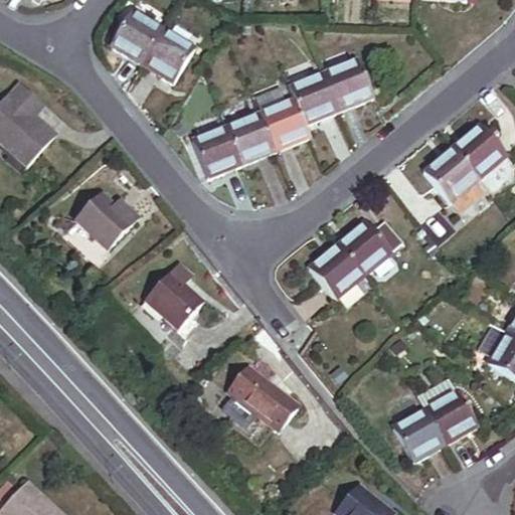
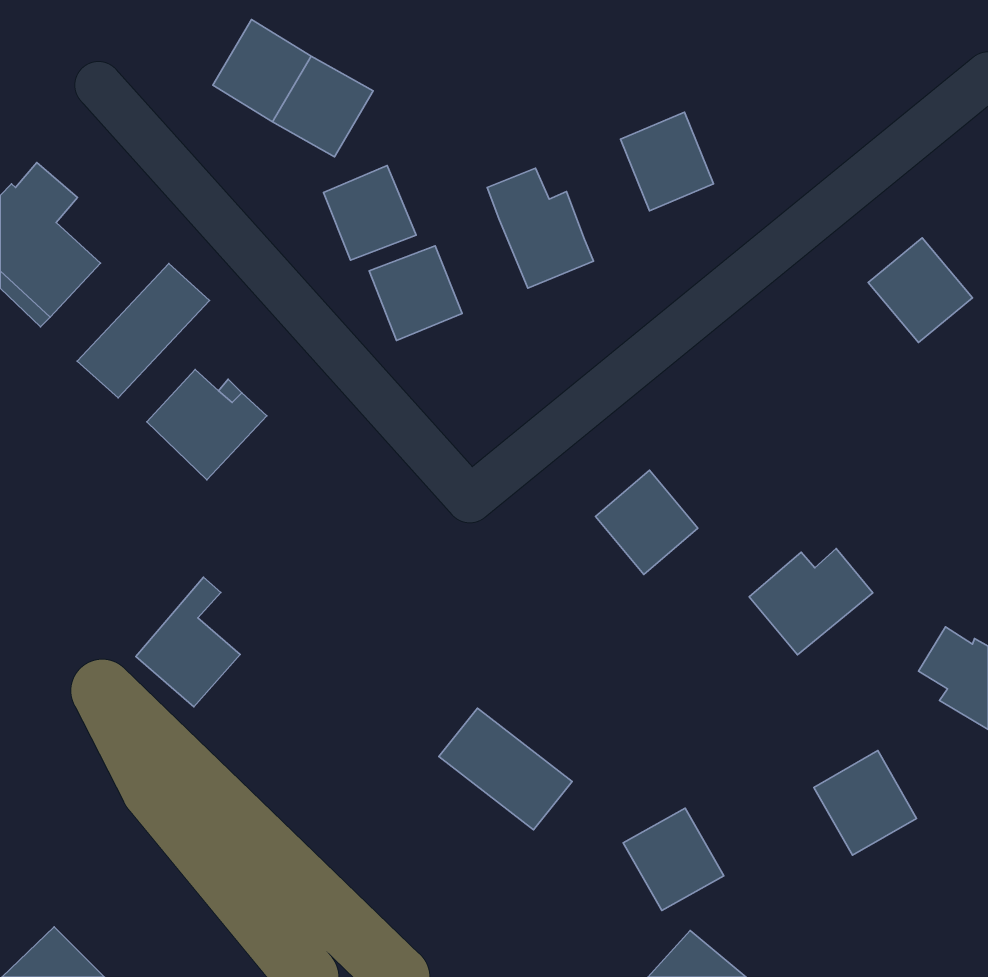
building: [289,72,338,124] -> none
building: [226,114,275,163] -> [323,165,416,260]
building: none -> [77,264,210,398]
building: [422,147,488,212] -> none
building: [338,219,402,275] -> [749,548,873,655]
building: [147,259,201,326] -> [136,577,240,707]
building: [391,409,444,463] -> [623,808,724,911]

